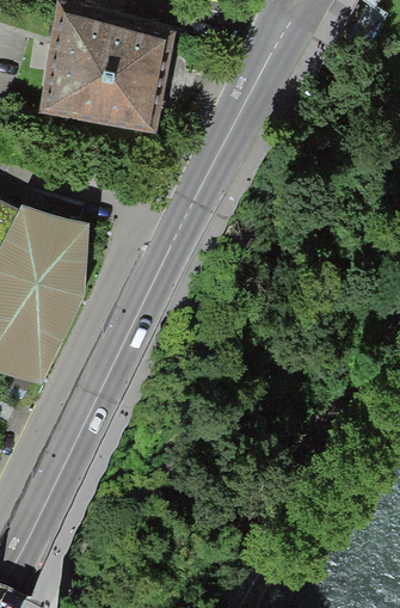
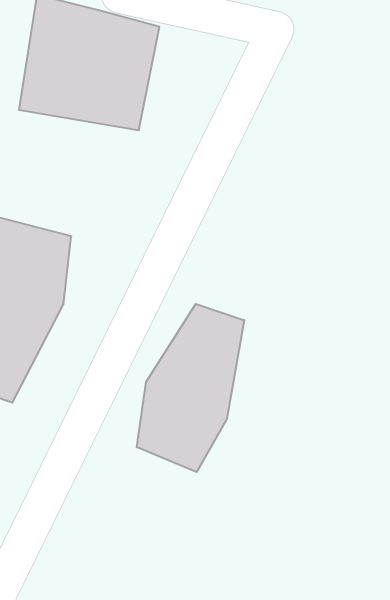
building: none -> [137,304,244,472]

